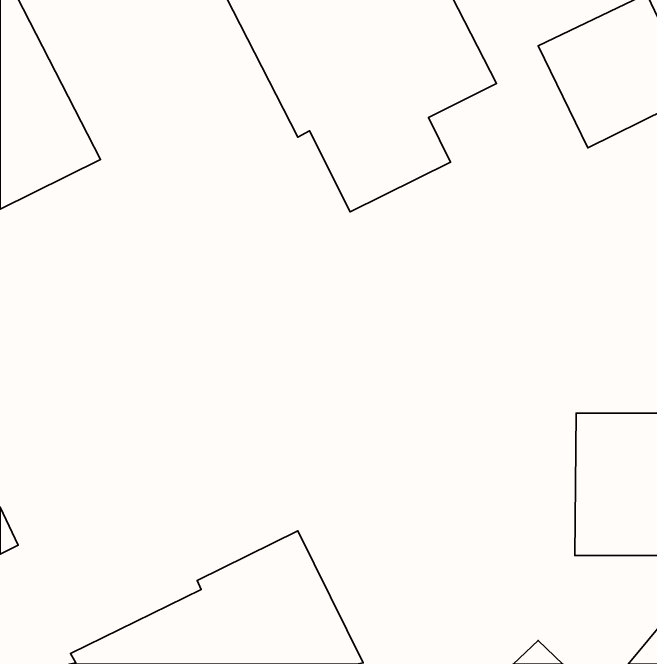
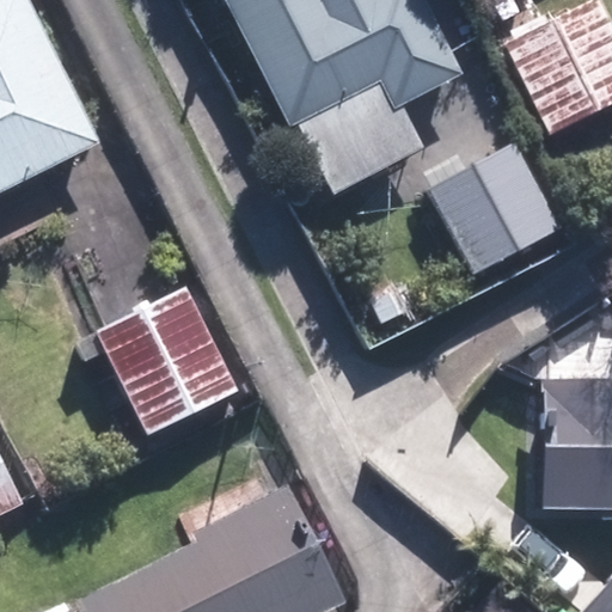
building: none -> [432,145,564,276]
building: none -> [92,286,240,440]

